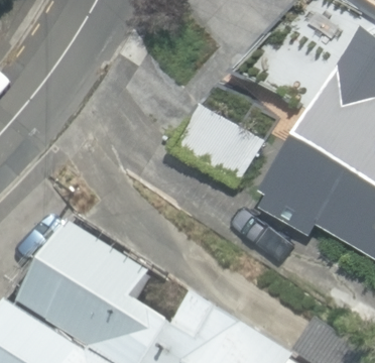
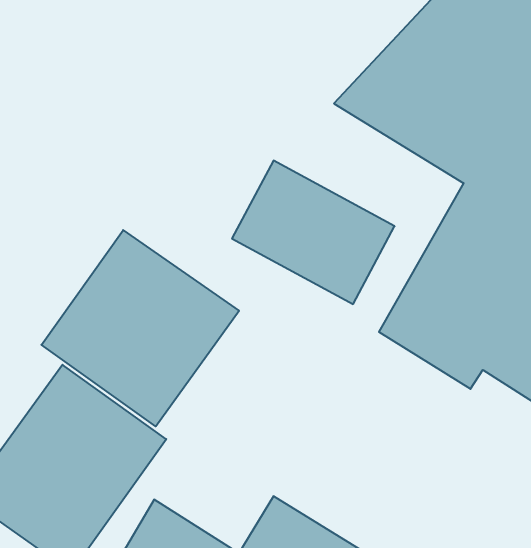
building: none -> [41,230,239,426]

